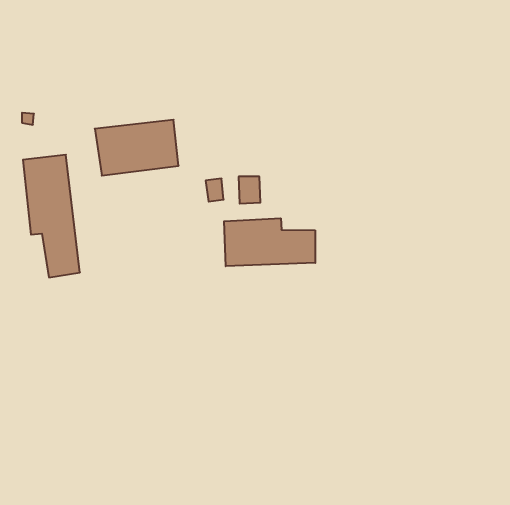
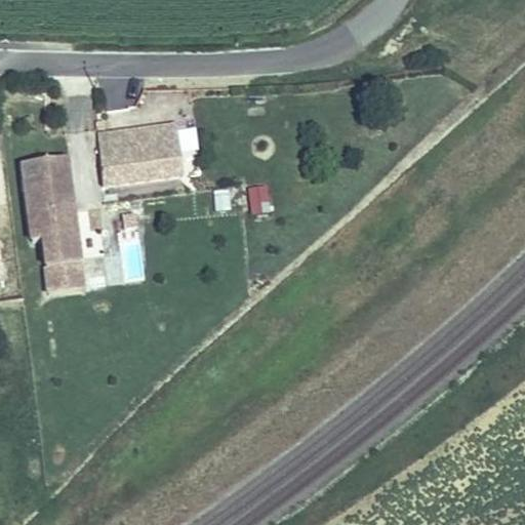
building: [224,218,315,266] -> none

